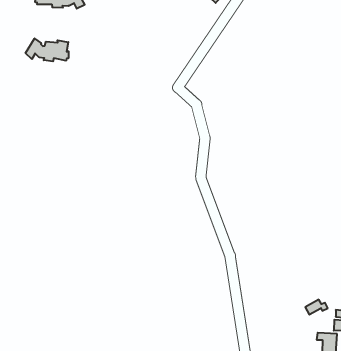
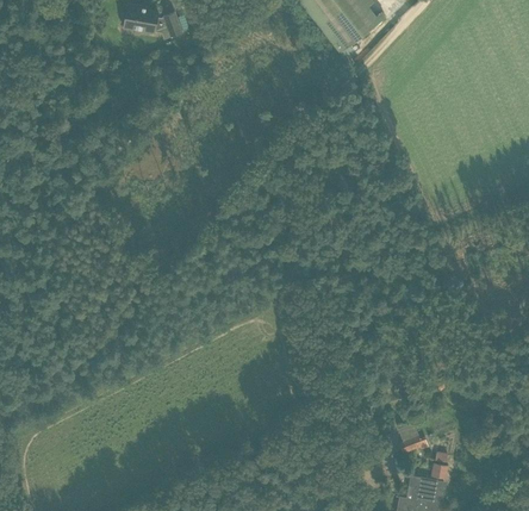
building: [26,38,69,61] -> none

